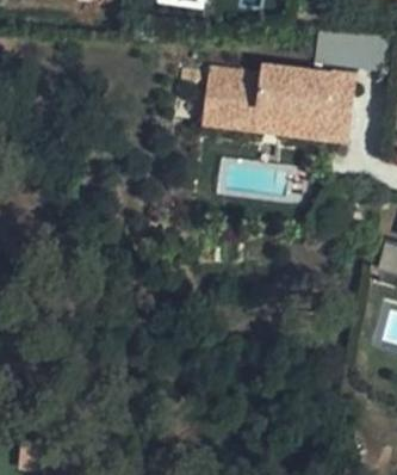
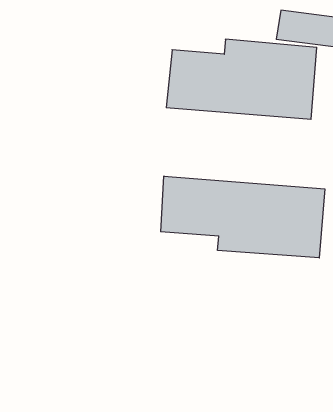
building: none -> [161,176,325,258]

